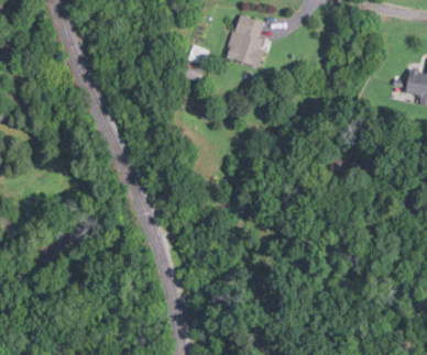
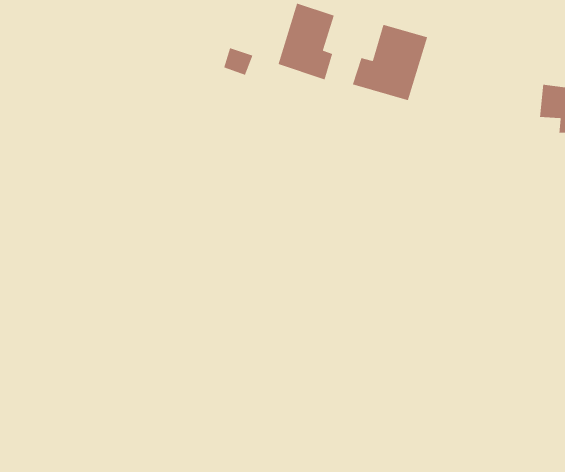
building: none -> [352,24,428,101]

